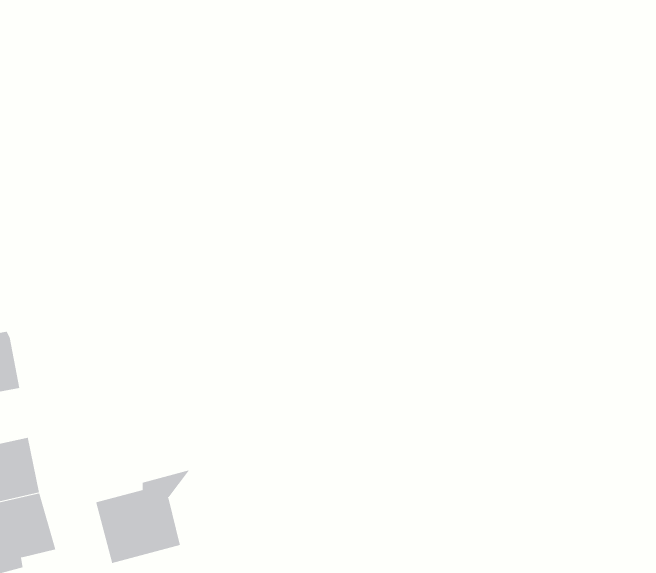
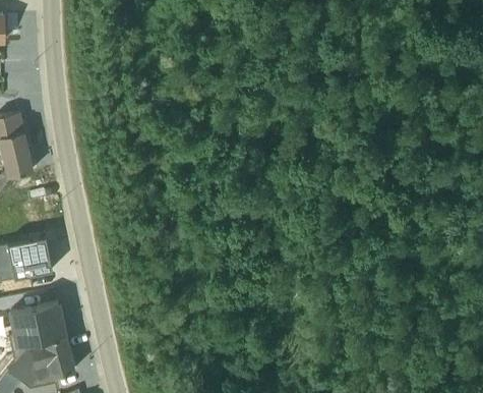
building: [95,469,191,564] -> none

